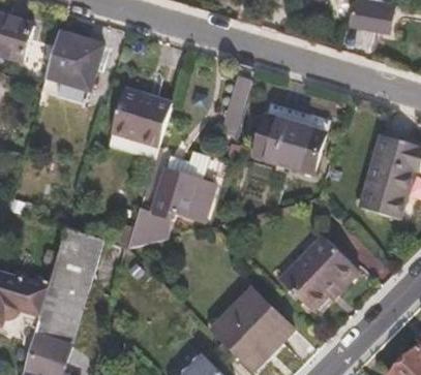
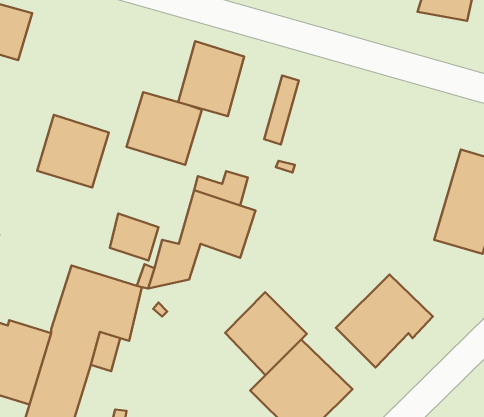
building: [46,31,103,90] -> [37,115,109,187]
building: none -> [178,41,244,116]
building: [254,115,326,173] -> none
building: none -> [110,214,158,260]
building: none -> [225,292,307,375]

